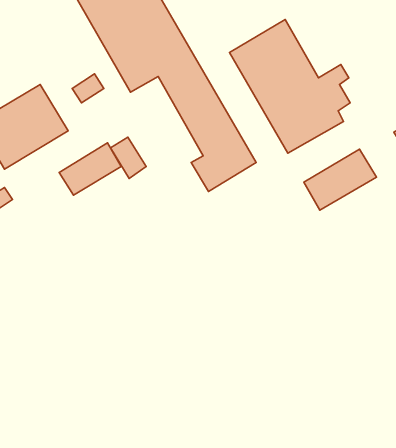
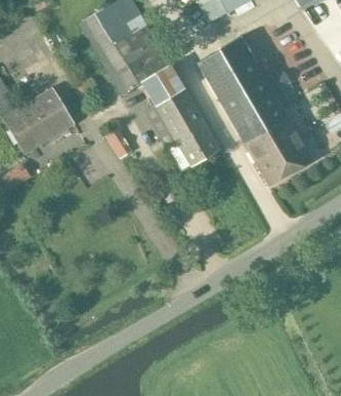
building: none -> [244,117,299,164]
building: [59,143,121,195] -> none

